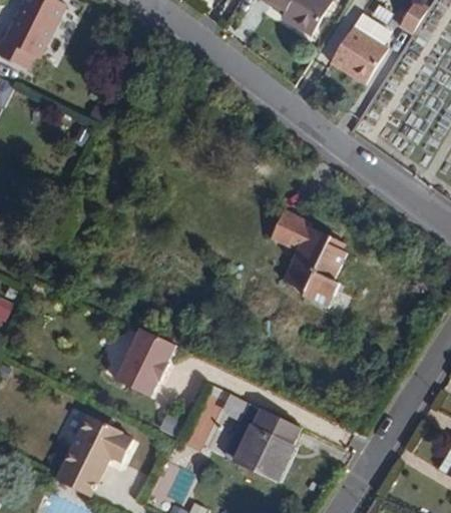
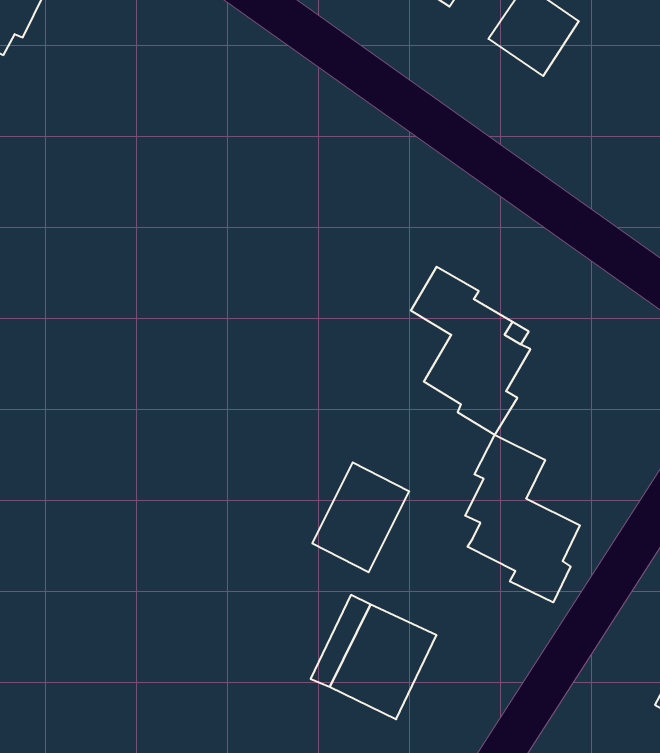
building: none -> [465,435,580,602]
building: [113,329,173,397] -> [312,462,409,572]
building: [55,410,133,496] -> none

